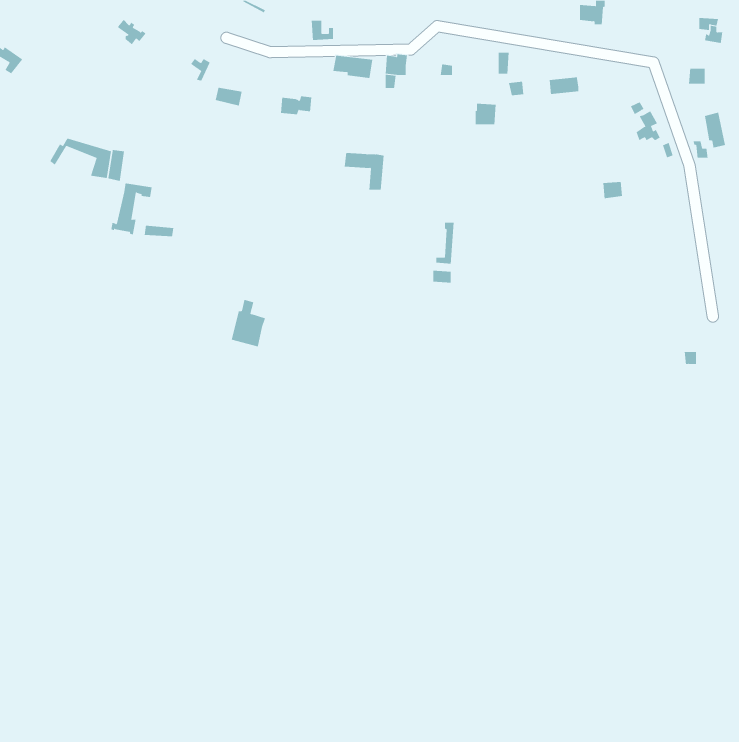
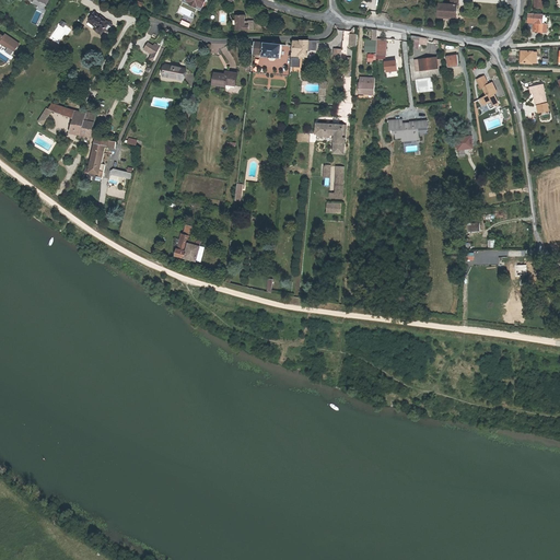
building: [344,152,385,190] -> [314,124,345,152]
building: none -> [387,120,425,140]

